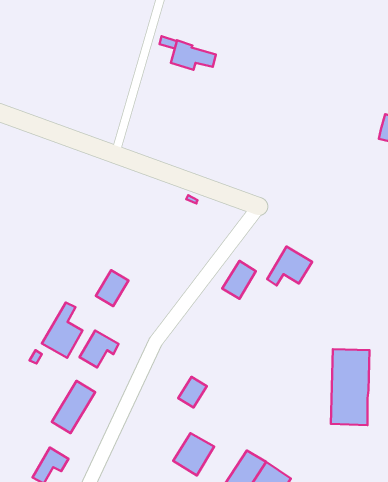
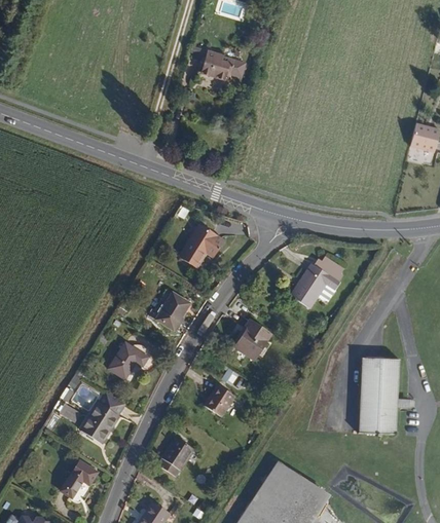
building: none -> [185,223,228,263]
building: [222,261,256,299] -> [237,322,271,360]
building: [96,270,129,306] -> [157,292,190,328]
building: [42,302,82,358] -> none
building: [173,433,214,475] -> [156,435,197,477]

